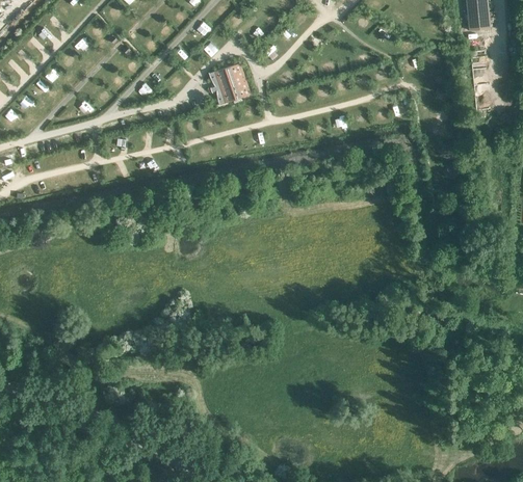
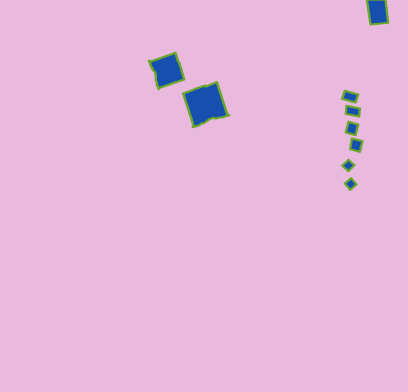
building: none -> [183,82,229,127]

